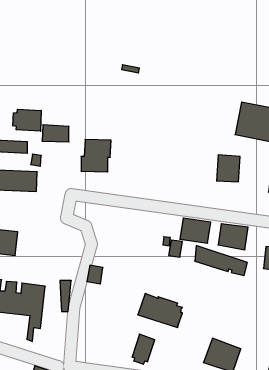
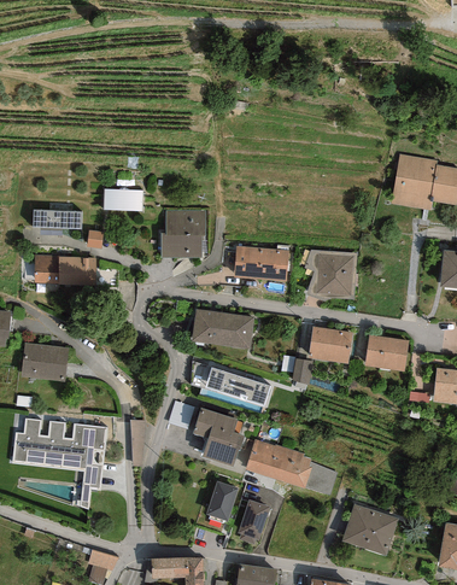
building: [13,109,41,131] -> none
building: [217,155,240,182] -> [317,255,352,294]
building: none -> [234,244,288,279]
building: none -> [191,309,254,350]
building: [195,246,247,276] -> [191,361,269,405]
building: none -> [192,408,244,469]
building: none -> [305,460,336,493]
building: none -> [205,481,238,522]

